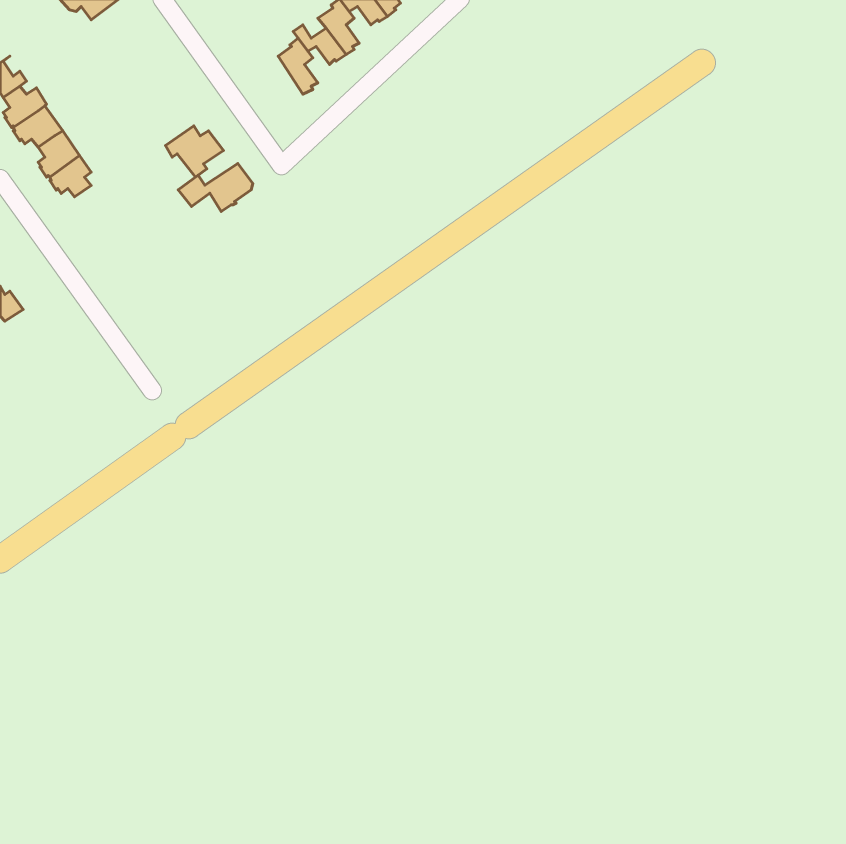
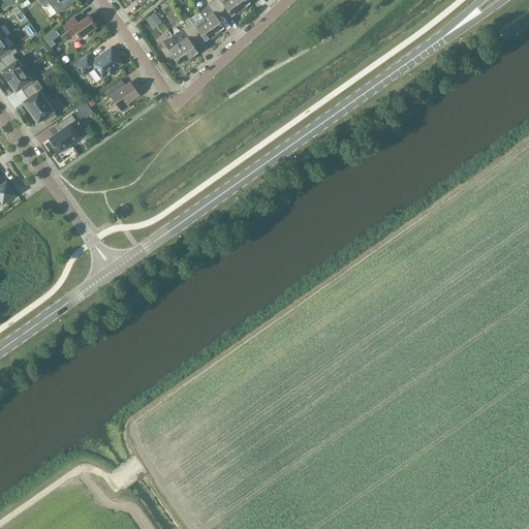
building: none -> [63,14,96,37]
building: none -> [157,35,189,64]
building: [178,164,253,212] -> [74,48,121,77]
building: none -> [50,113,80,150]

